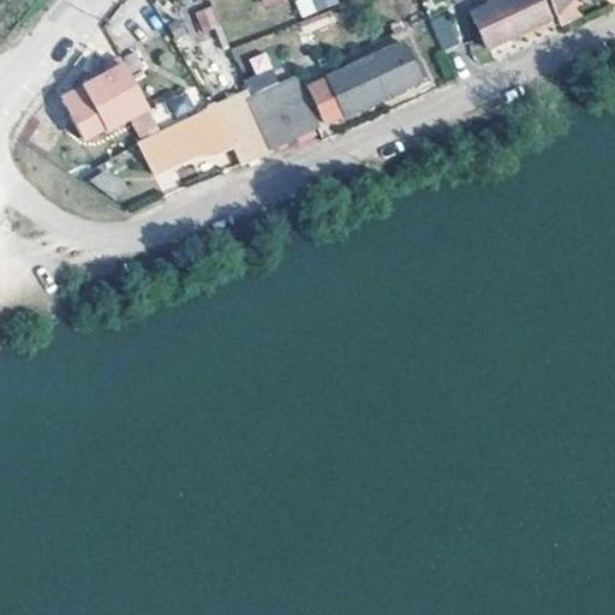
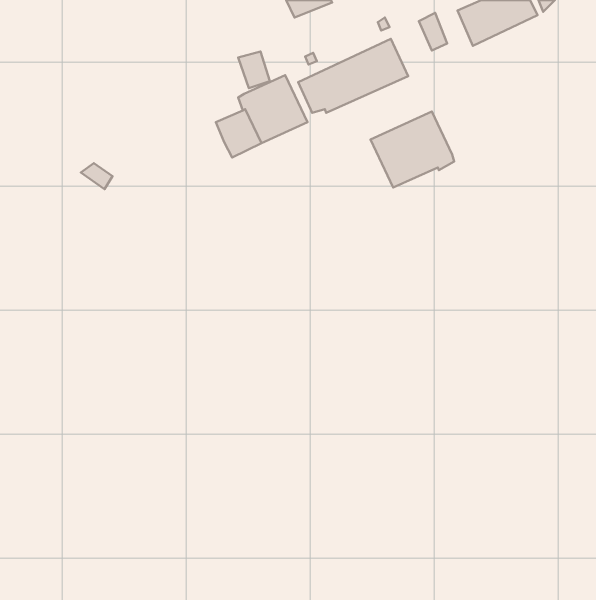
building: [62,54,157,137] -> none
building: [141,107,233,174] -> none
building: none -> [371,111,454,188]

